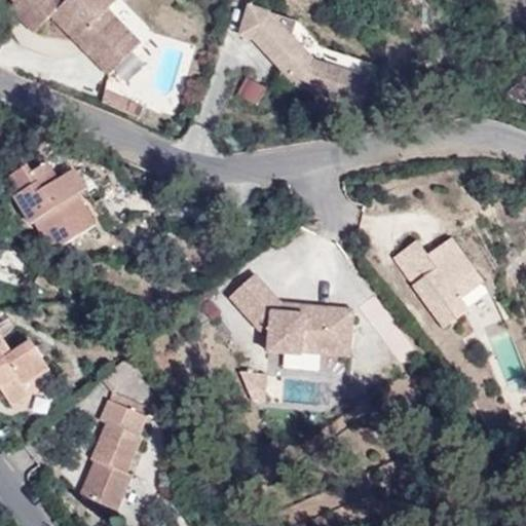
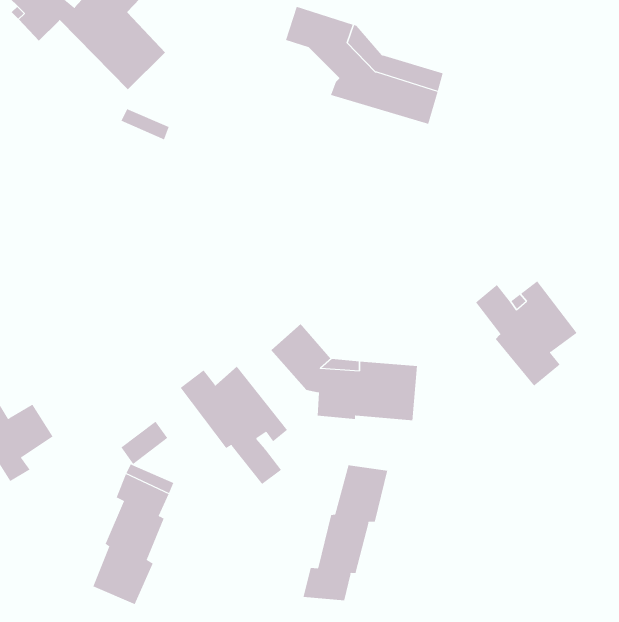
building: [5,162,109,249] -> none
building: none -> [180,366,288,485]
building: none -> [303,464,388,601]

